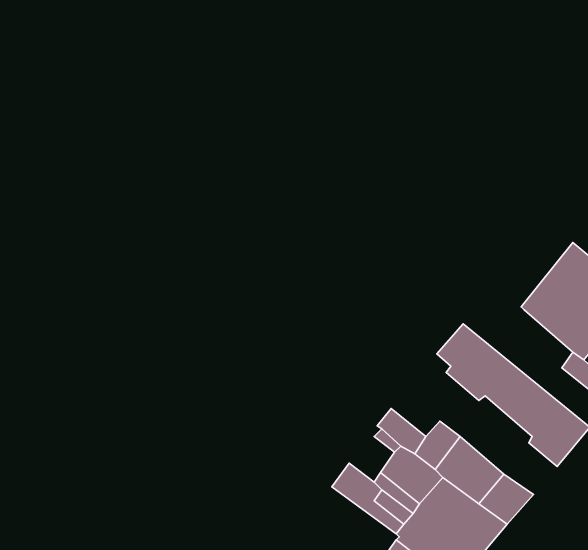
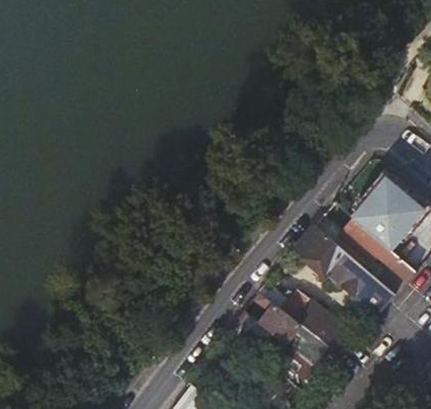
building: none -> [340,220,384,263]

